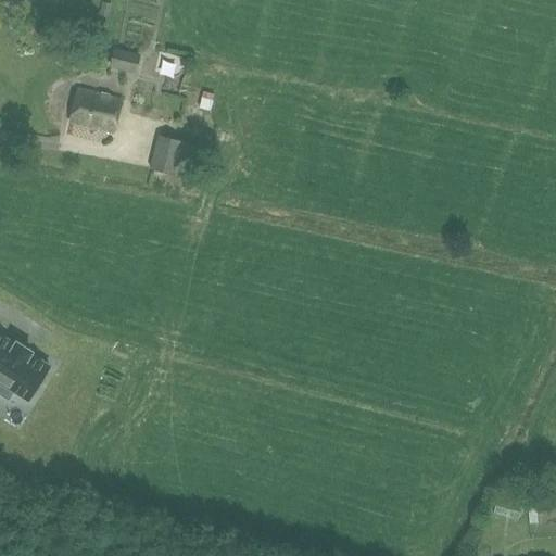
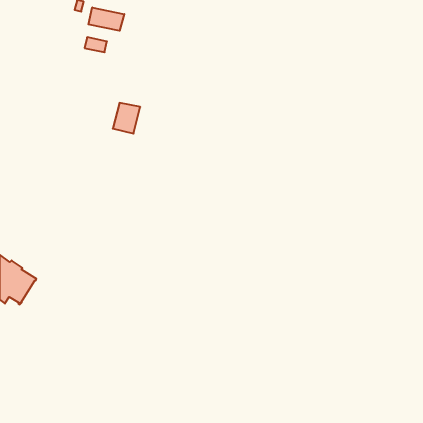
building: none -> [88,7,124,31]
building: [70,90,118,130] -> none

